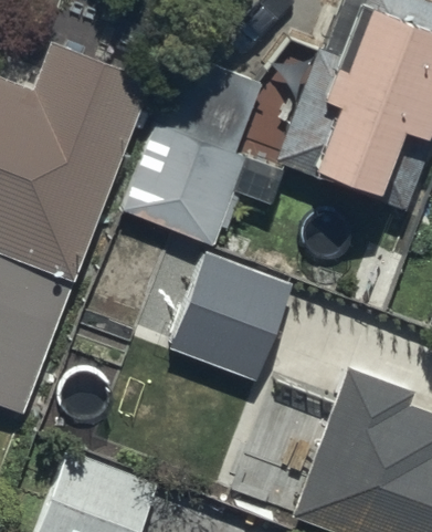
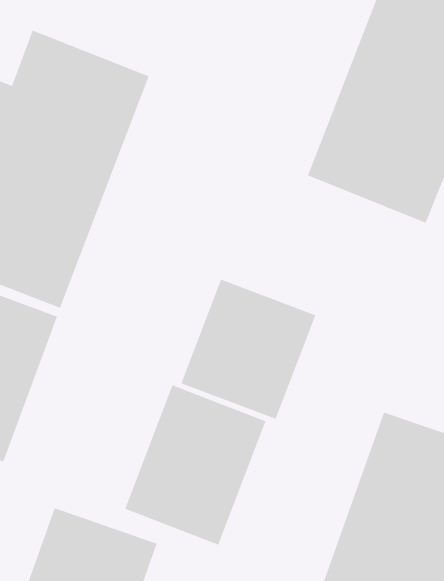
building: [120,63,261,247] -> none
building: none -> [125,384,266,546]

